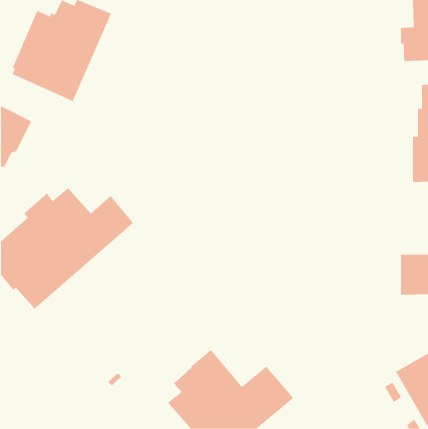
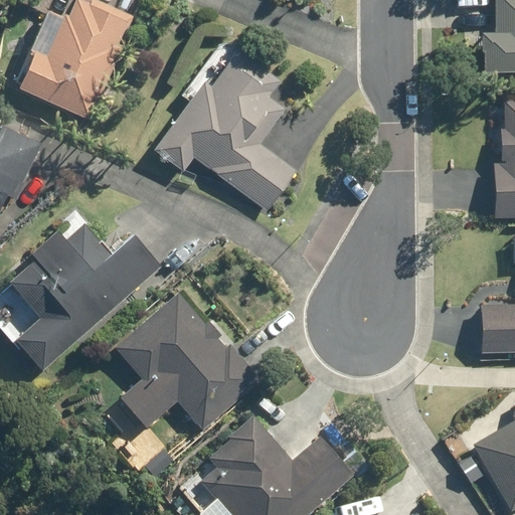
building: none -> [156,49,297,211]
building: none -> [115,294,261,431]

